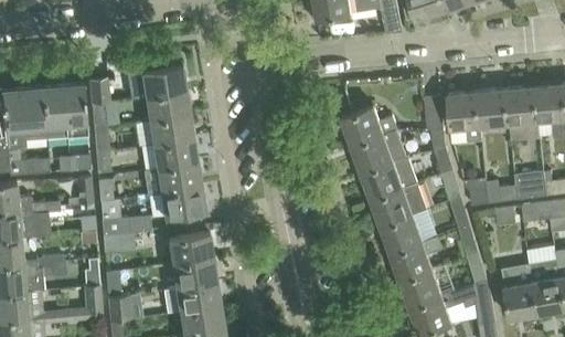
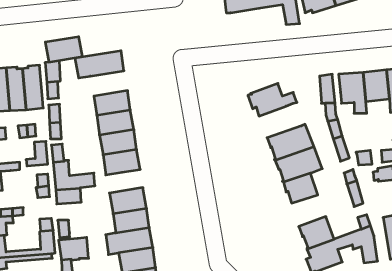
building: [146,91,191,122] -> [45,37,82,62]
building: [351,130,403,172] -> none
building: [390,236,441,281] -> none

